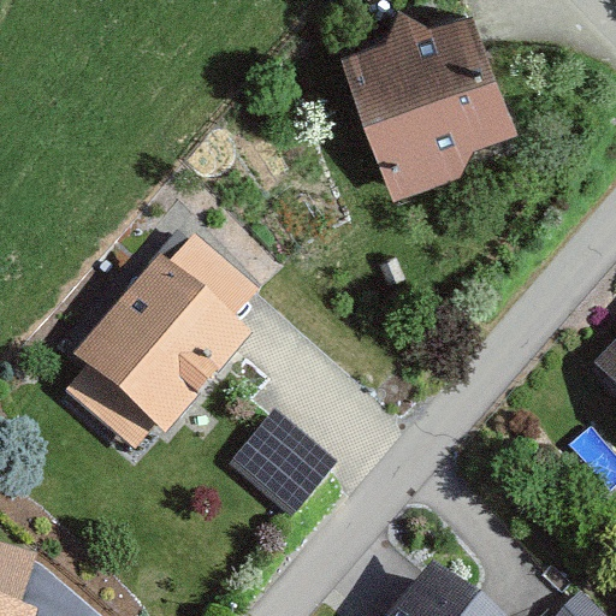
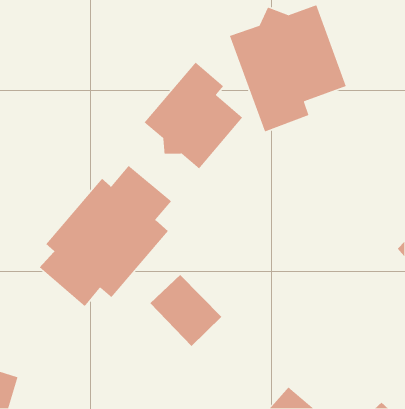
building: none -> [143,62,243,170]

